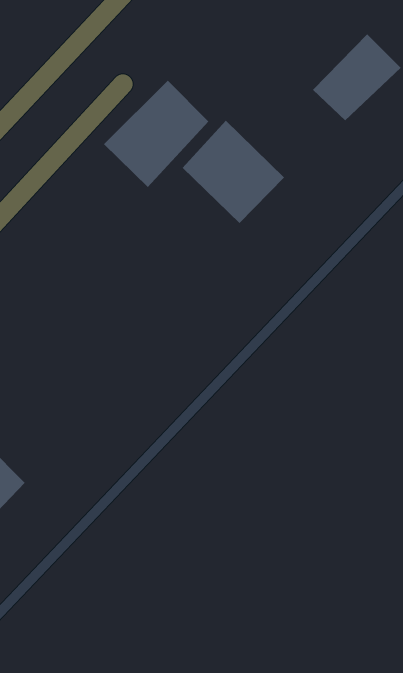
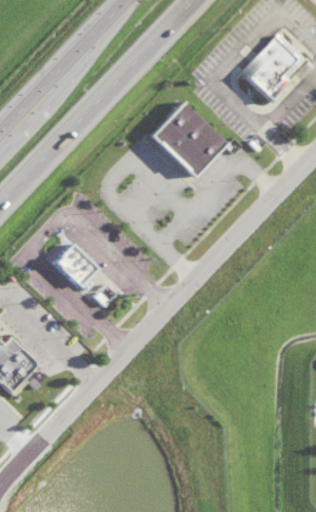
building: [103,80,209,188] -> none
building: none -> [51,242,94,284]

